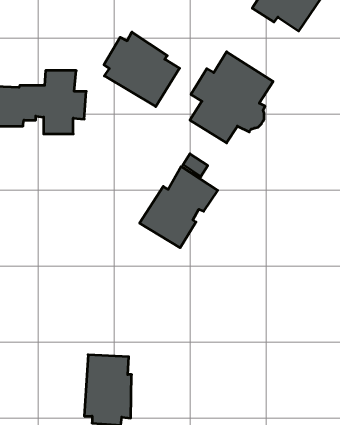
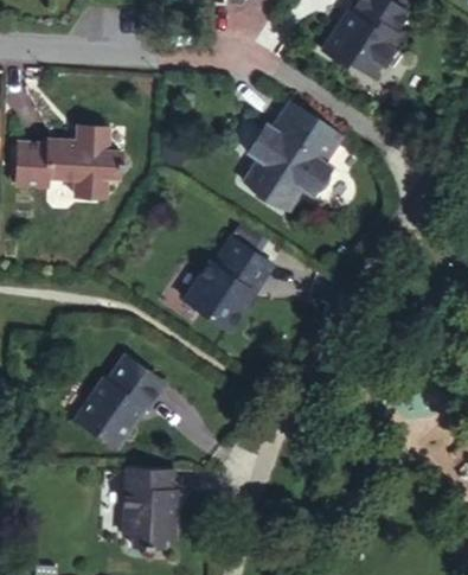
building: [104,32,180,107] -> none
building: none -> [71,349,165,446]

